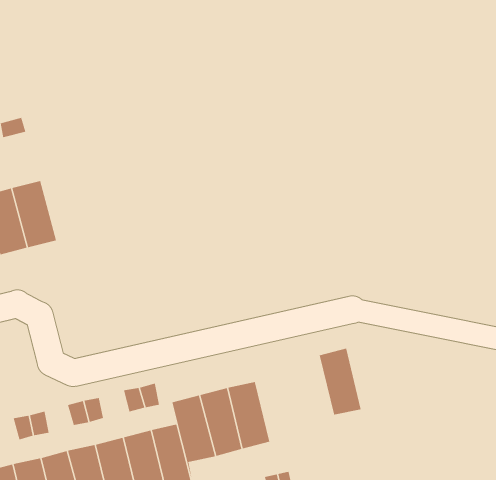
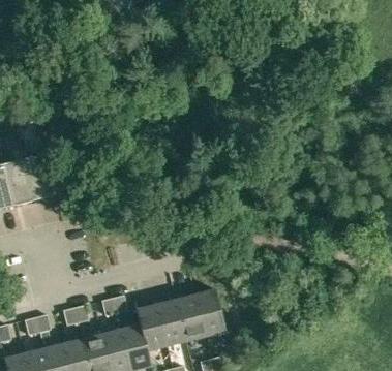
building: [319,348,362,415] -> [194,288,224,336]

